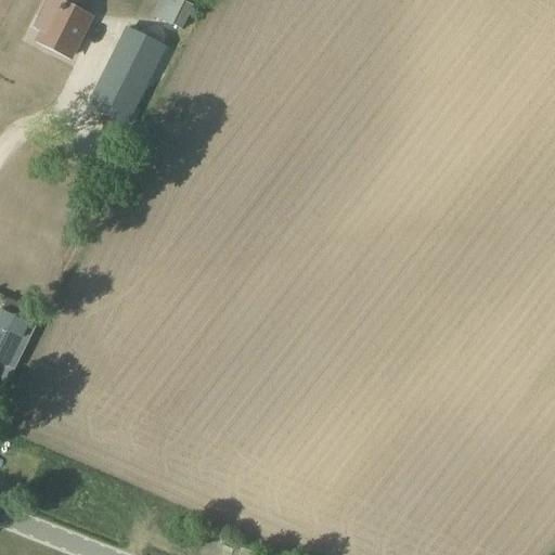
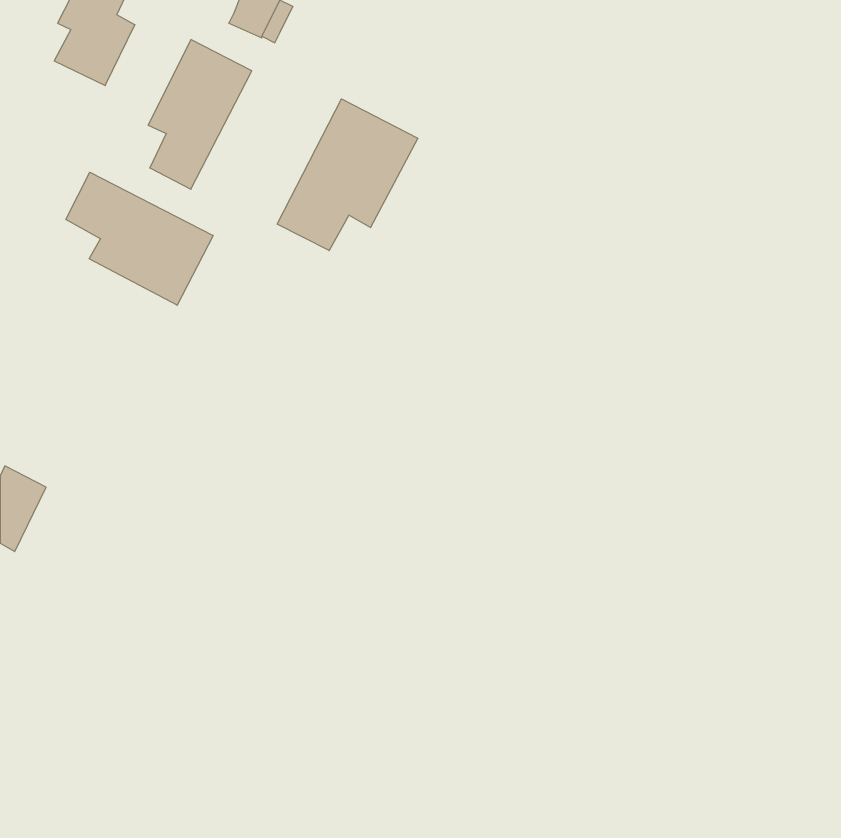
building: none -> [277,99,418,251]
building: none -> [66,172,213,305]

